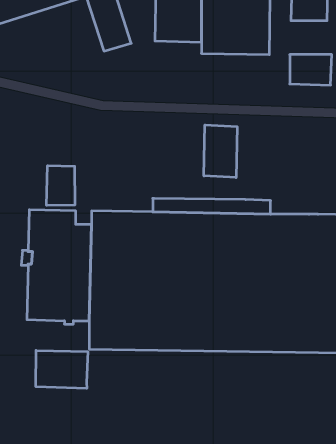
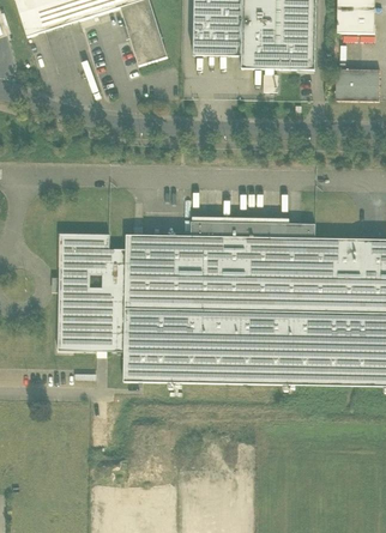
building: [204,125,237,178] -> none
building: [47,166,75,205] -> none
building: [36,350,88,388] -> none

